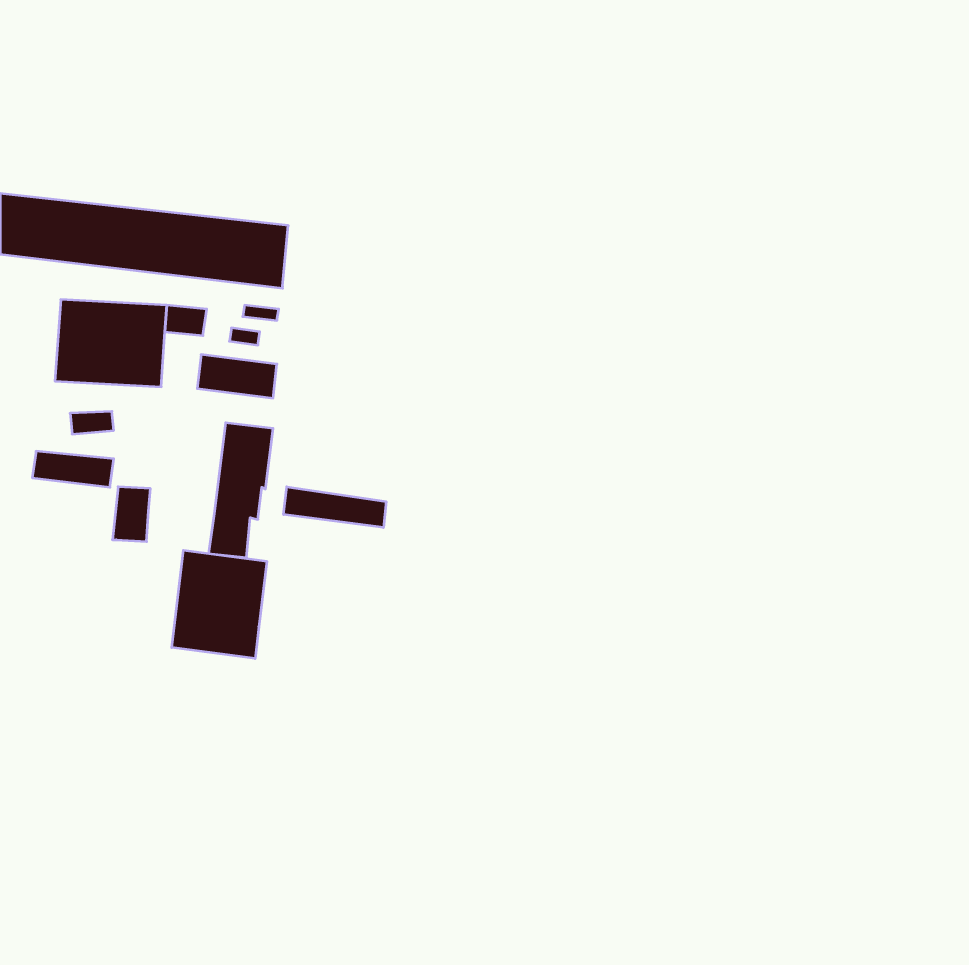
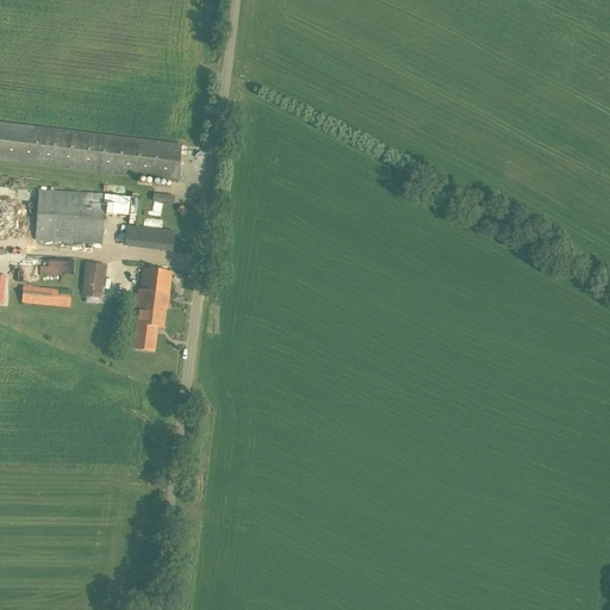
building: [112,487,150,542] -> [81,261,105,295]
building: [284,487,386,528] -> none
building: [172,550,267,659] -> none

